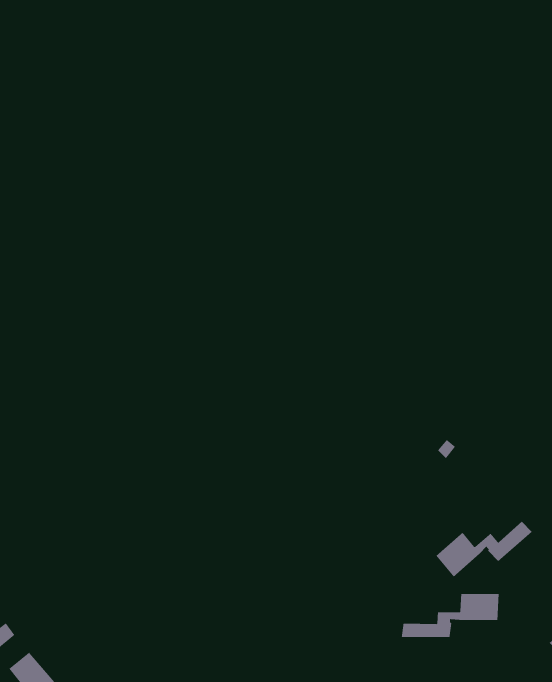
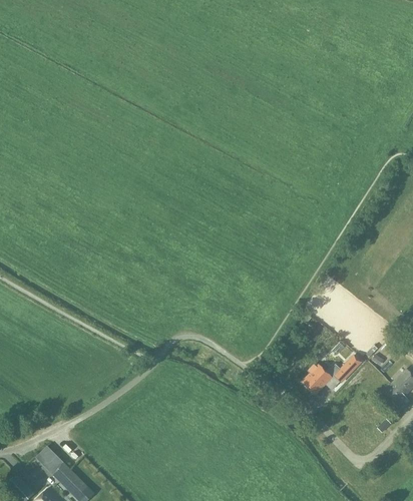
building: [401,593,499,638] -> none

